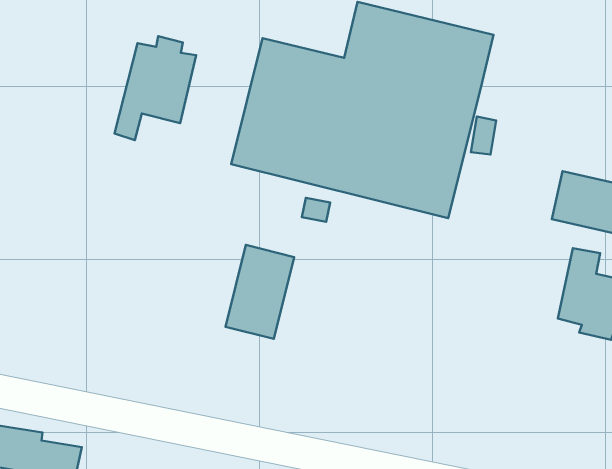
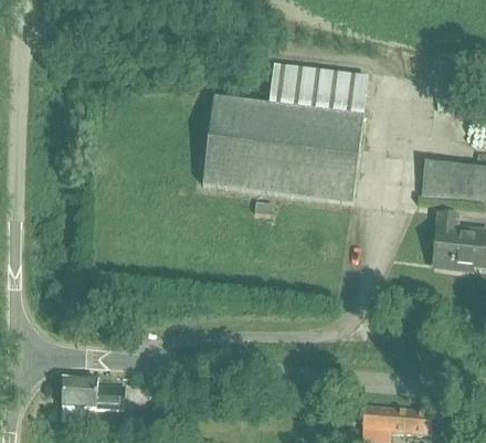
building: [114,36,196,140] -> none
building: [226,245,294,339] -> none

